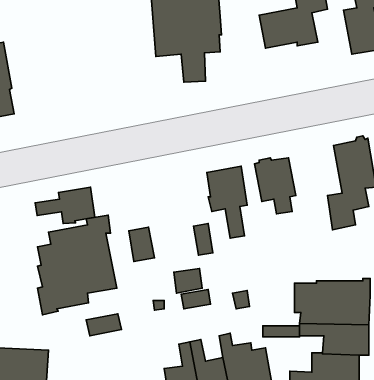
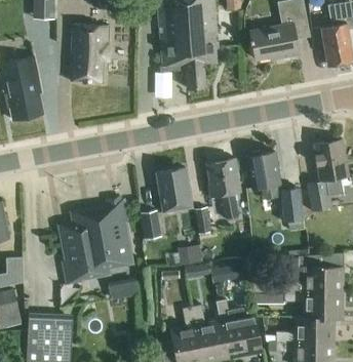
building: none -> [70,25,110,84]
building: none -> [156,167,192,212]
building: [35,187,95,224] -> none
building: none -> [281,189,304,230]

